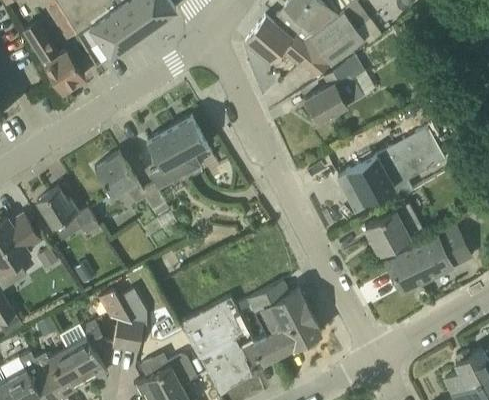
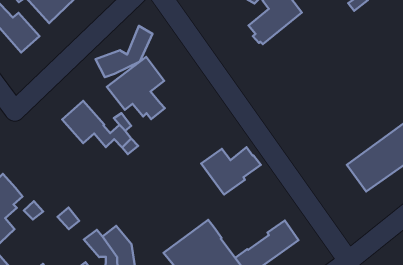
building: none -> [95,26,152,77]
building: [337,128,450,208] -> none
building: [36,188,97,233] -> none
building: [364,203,422,252] -> none
building: [248,287,310,335] -> [201,147,261,194]

